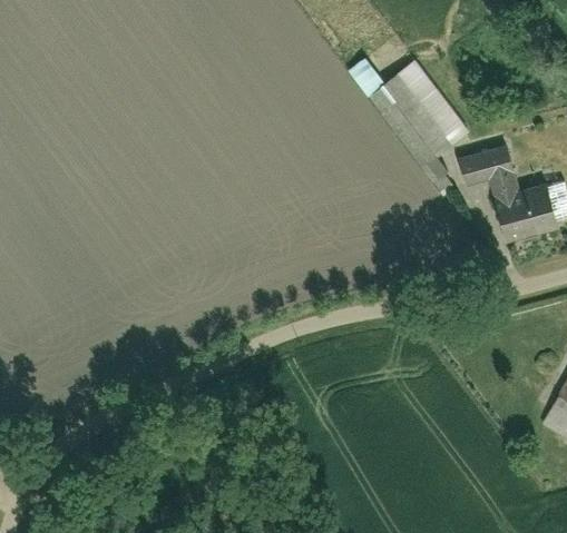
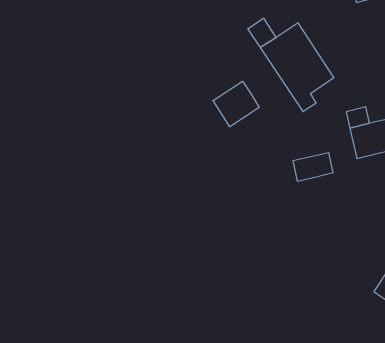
building: [459,142,516,185] -> [293,153,333,181]
building: none -> [213,81,259,127]

